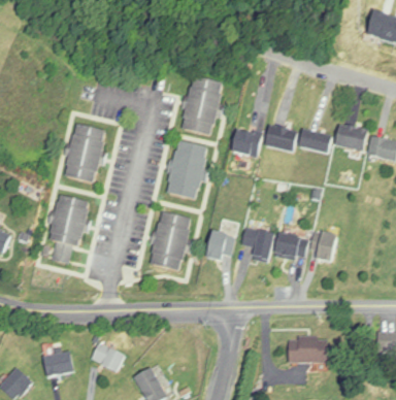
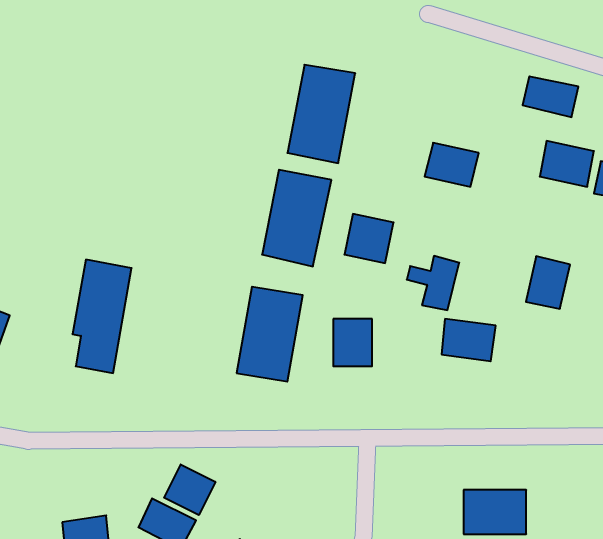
building: [65,124,105,181] -> none
building: [232,127,262,157] -> [344,214,394,263]
building: [298,128,332,153] -> [523,76,578,117]
building: [242,228,274,261] -> [407,256,459,310]
building: [310,229,337,261] -> [526,256,570,309]
building: none -> [164,464,215,515]

